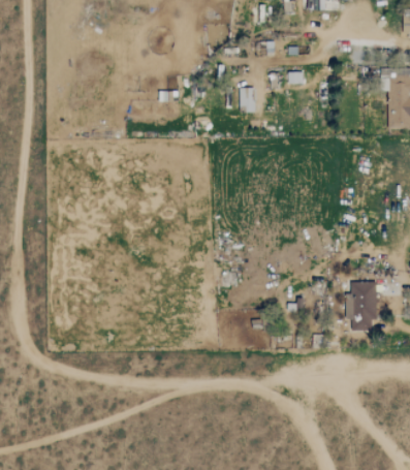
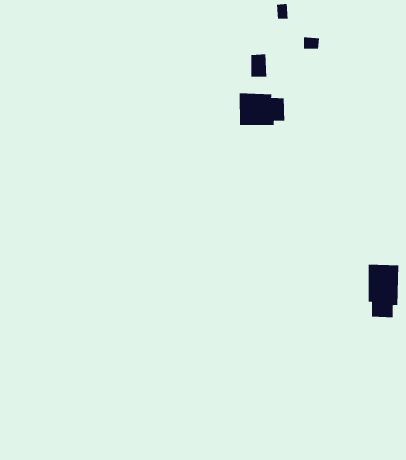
building: none -> [239,93,285,126]

